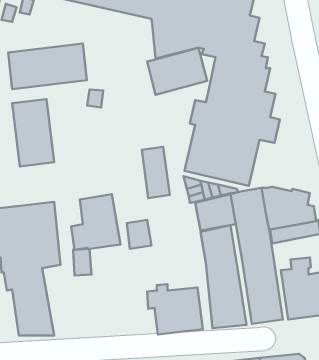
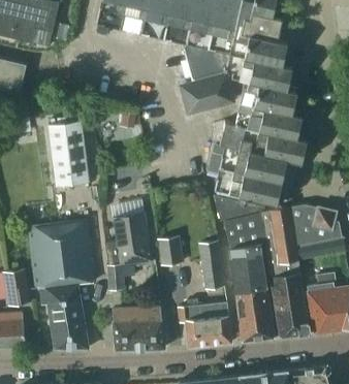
building: [8,44,87,89] -> none
building: [142,147,170,198] -> [197,241,224,290]
building: none -> [112,307,164,350]

